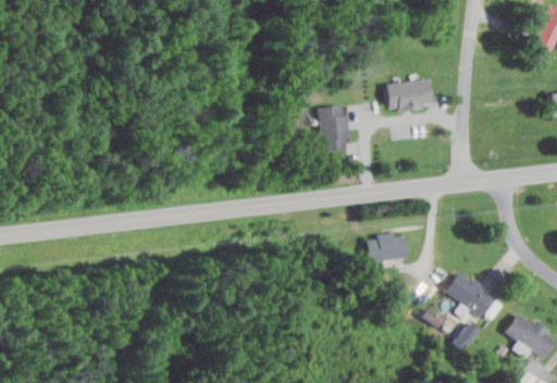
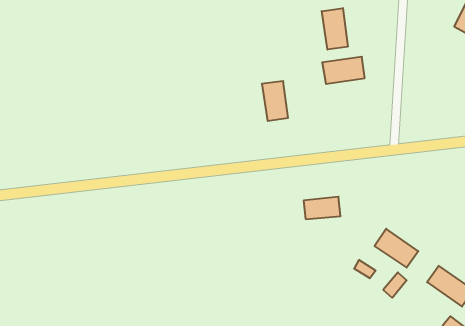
building: none -> [322,8,348,50]

